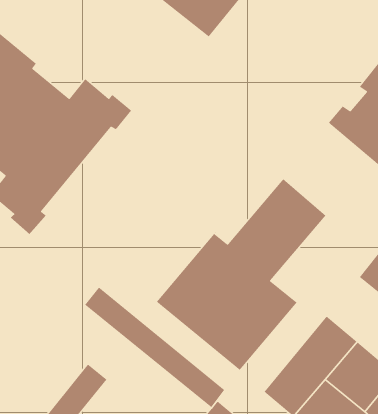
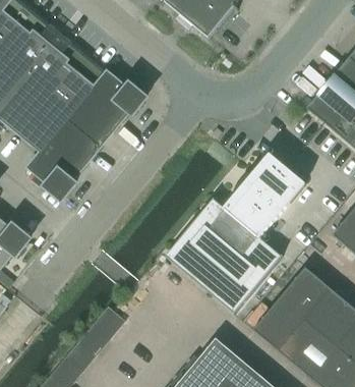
building: [84,286,225,408] -> none

